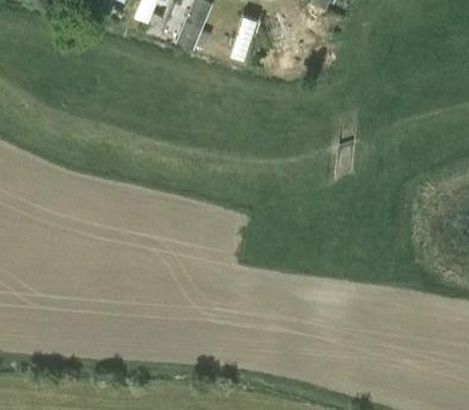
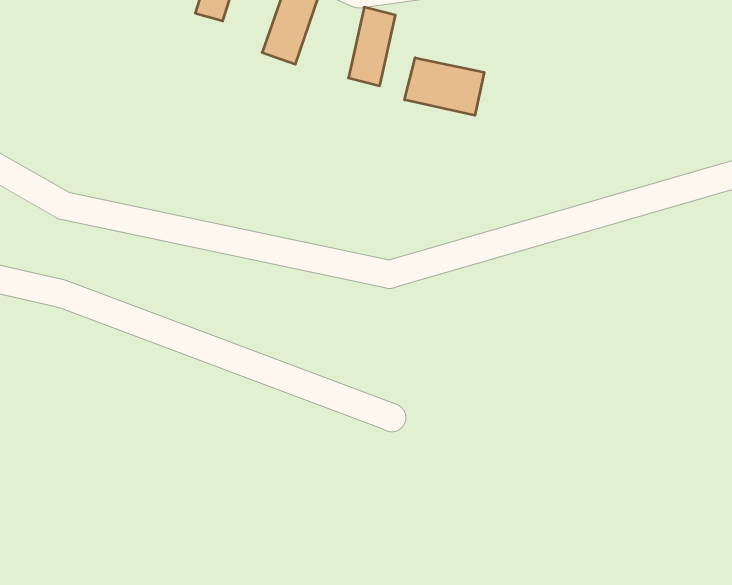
building: none -> [405,58,484,115]

